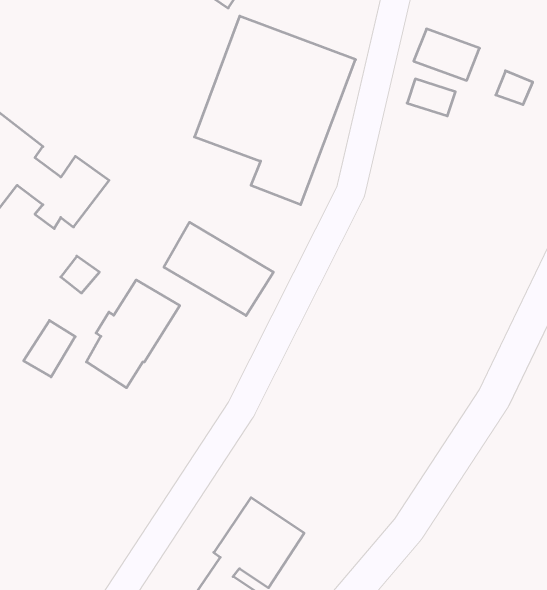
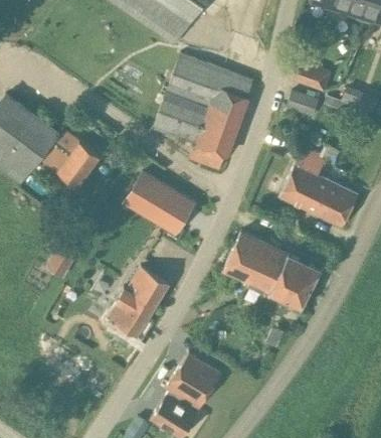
building: none -> [281,144,359,226]
building: [86,280,180,388] -> [111,268,169,335]
building: none -> [225,231,321,307]

